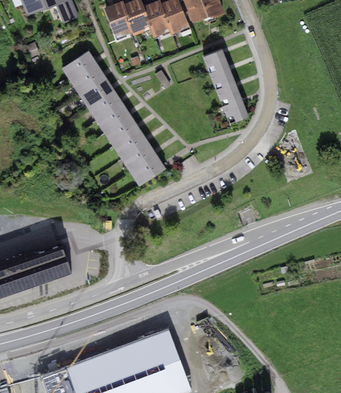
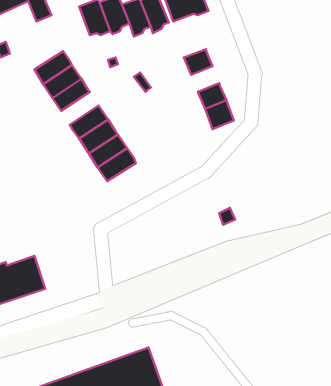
building: [209,65,235,89] -> none
building: [87,89,122,120] -> none
building: [130,156,166,187] -> none

